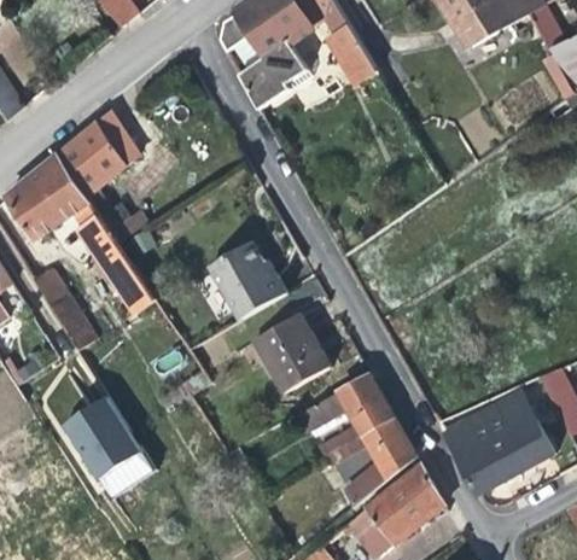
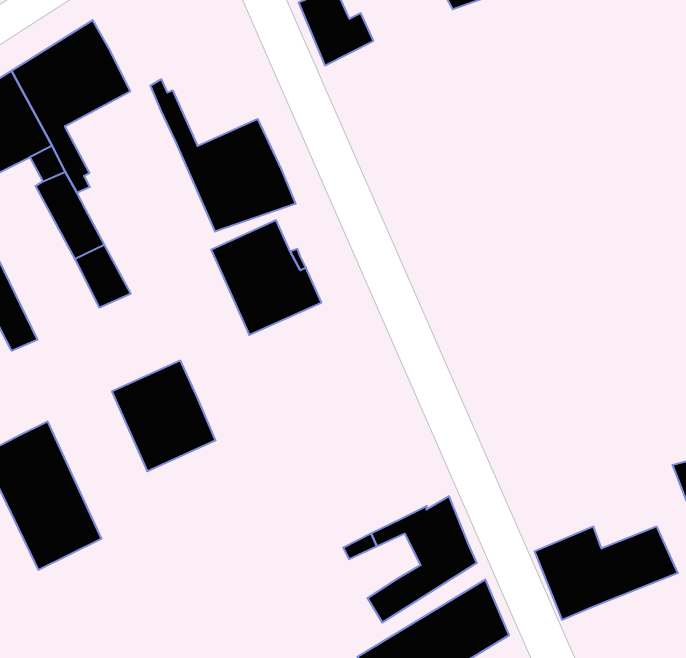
building: none -> [150,79,296,232]
building: [253,315,328,393] -> [112,361,216,471]
building: [293,375,389,436] -> none
building: [438,386,534,445] -> none

